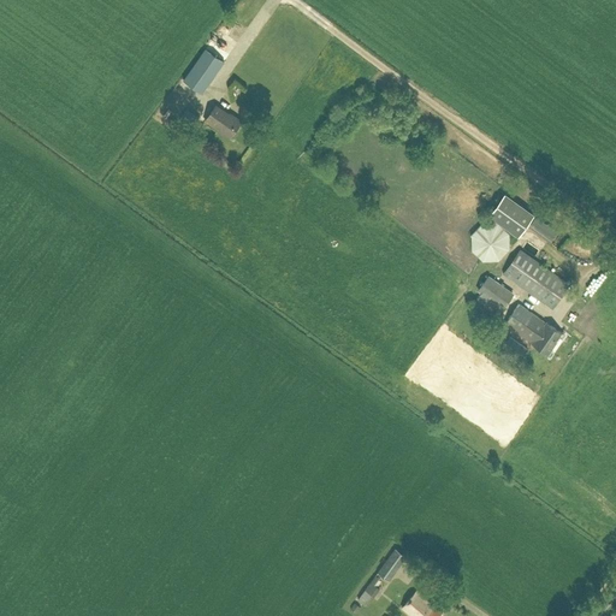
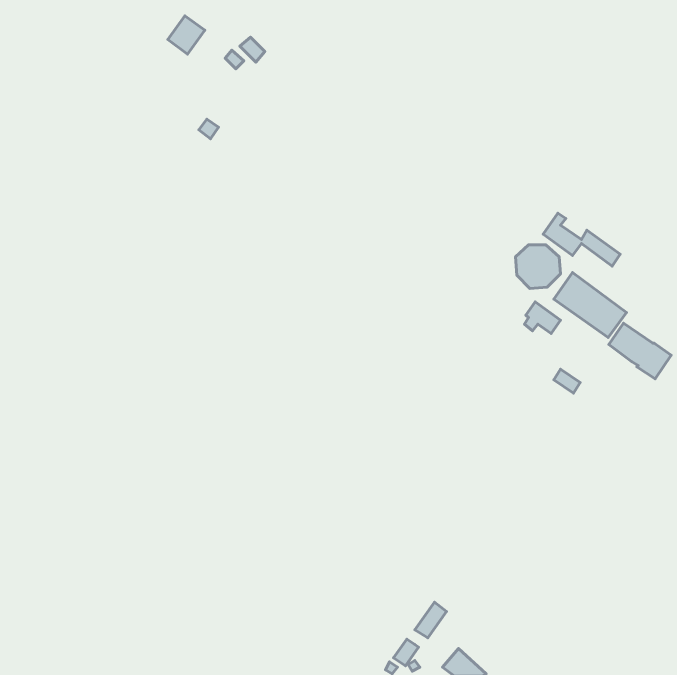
building: [183,59,217,94] -> [168,16,205,54]
building: [205,106,241,137] -> none
building: [505,304,562,355] -> [609,323,671,379]

